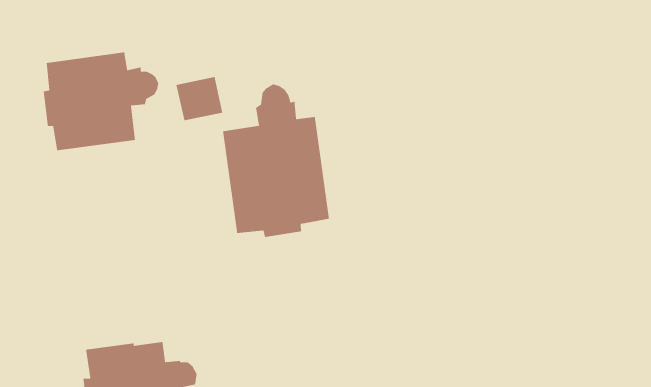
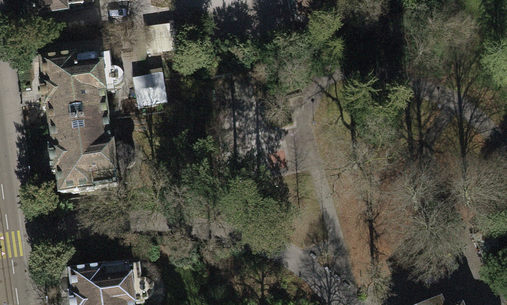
building: [222,83,330,238] -> none
building: none -> [48,115,135,191]

